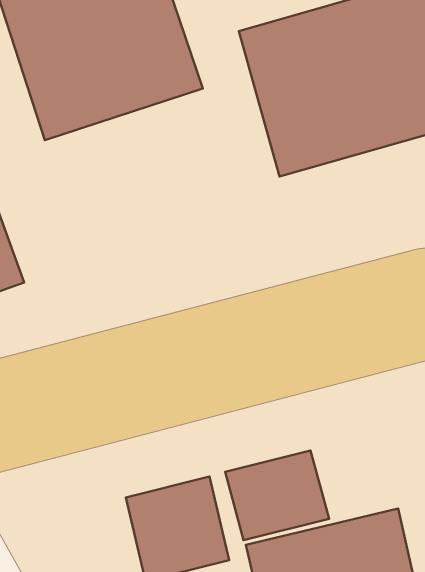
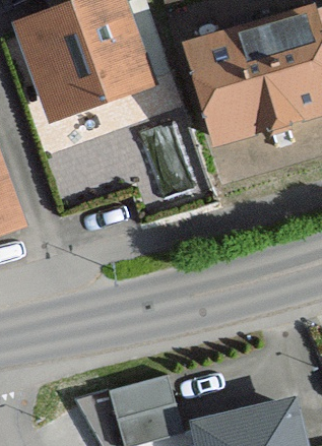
building: [225,451,329,540] -> none

